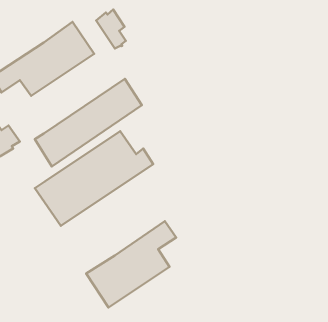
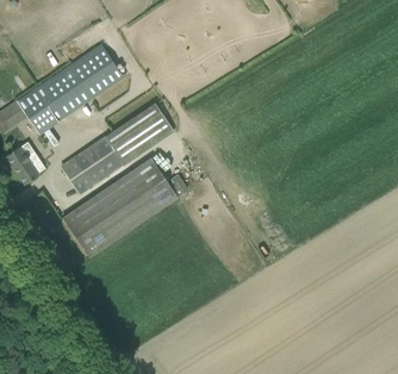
building: [96,10,126,49] -> none
building: [86,221,176,308] -> none

